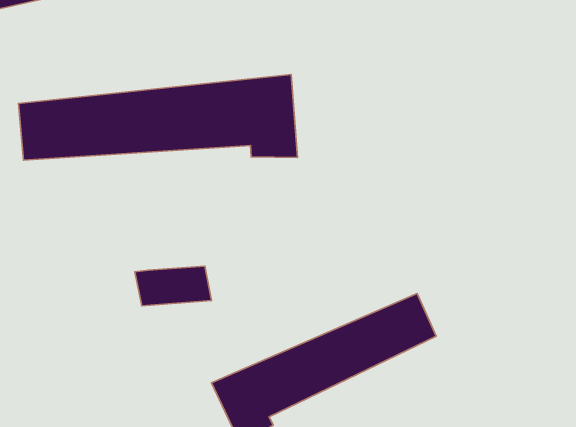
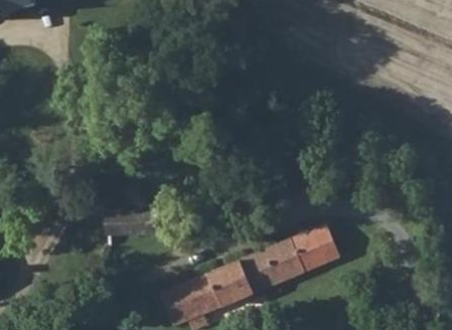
building: [18,74,298,160] -> none

